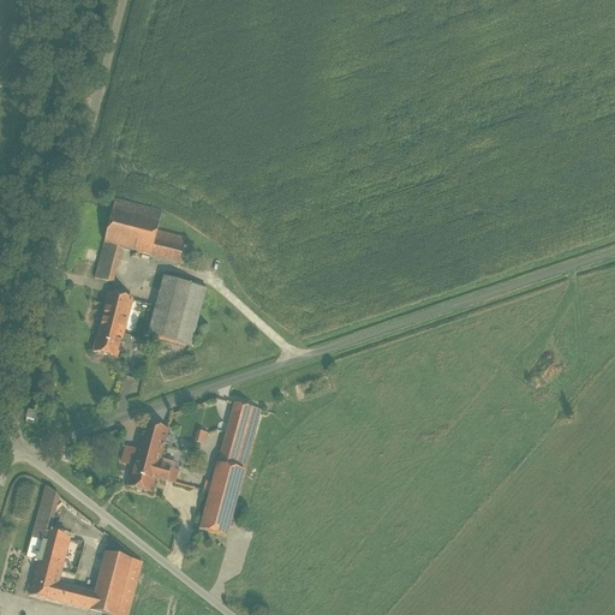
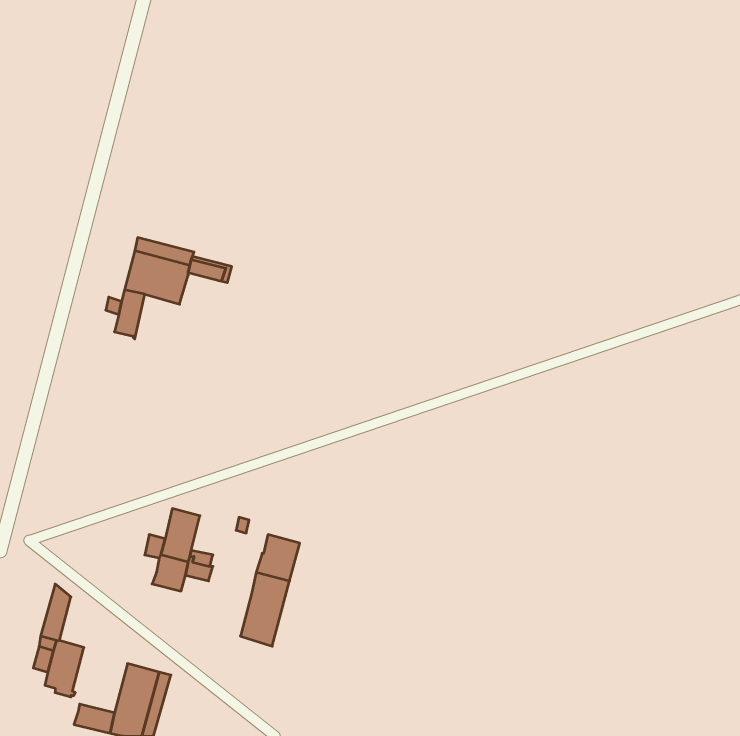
building: [149,228,184,259] -> none
building: [148,274,205,344] -> none
building: [92,289,131,354] -> none
building: [222,401,259,450] -> none
building: [30,568,65,601] -> none

